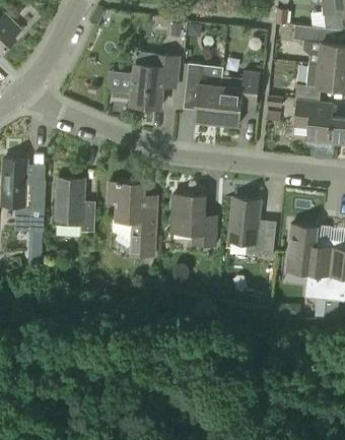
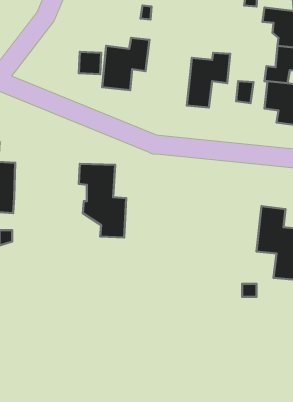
building: [185,63,222,123] -> none
building: [55,178,94,231] -> none
building: [170,194,216,245] -> none
building: [228,198,275,255] -> none

